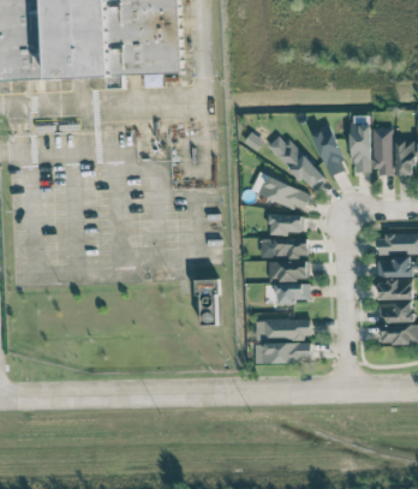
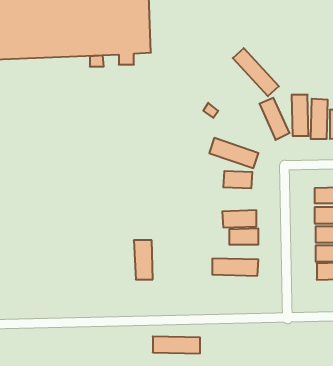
building: [268,133,323,191] -> [233,48,279,96]
building: [259,238,306,257] -> none
building: [195,279,217,326] -> [134,240,153,279]
building: [253,342,310,363] -> [153,336,200,353]

